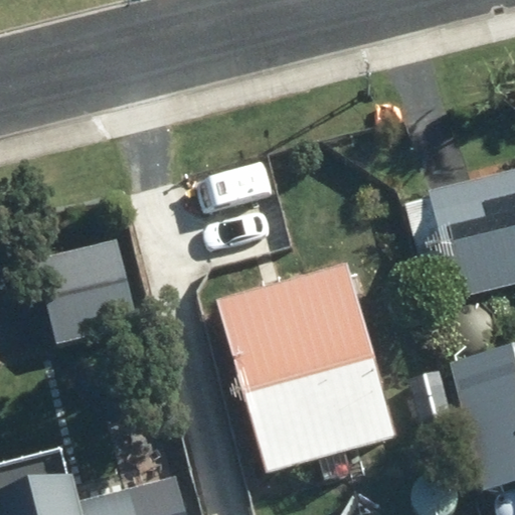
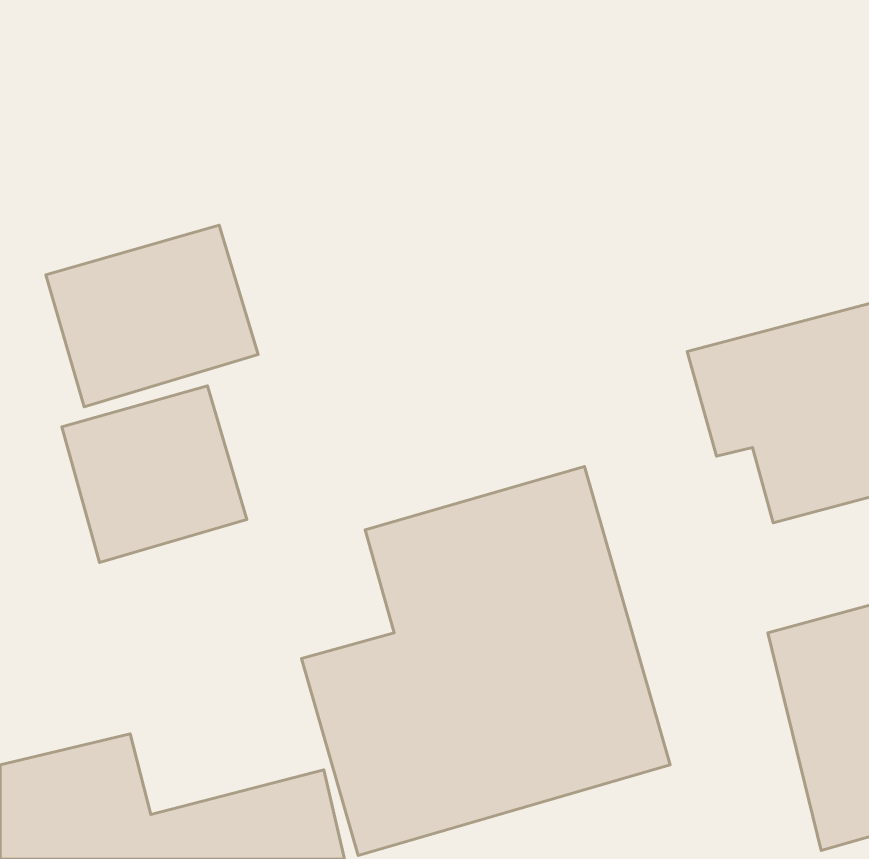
building: none -> [46,225,258,407]

